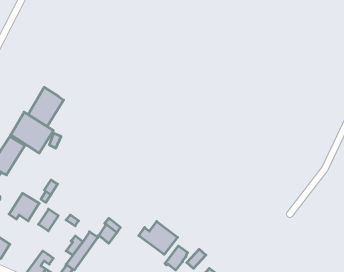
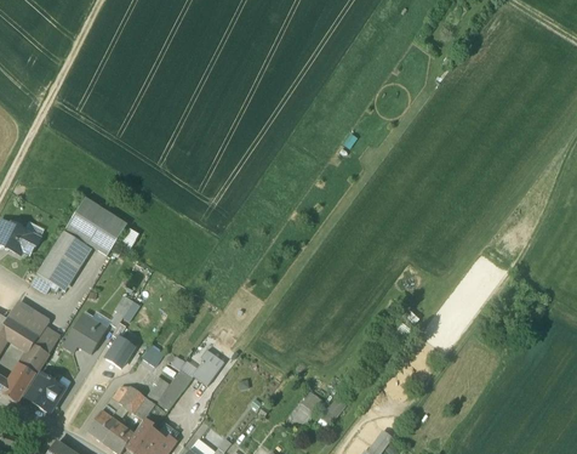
building: [28,87,64,126] -> none
building: [139,221,178,254] -> none
building: none -> [119,386,155,420]

